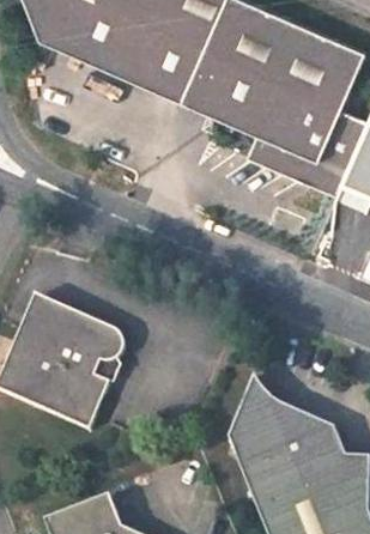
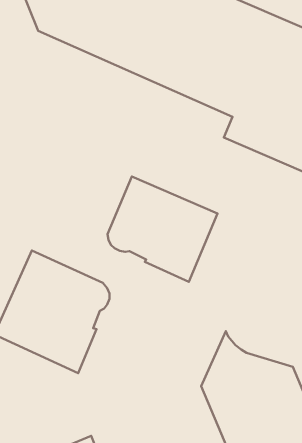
building: none -> [107,177,217,282]

